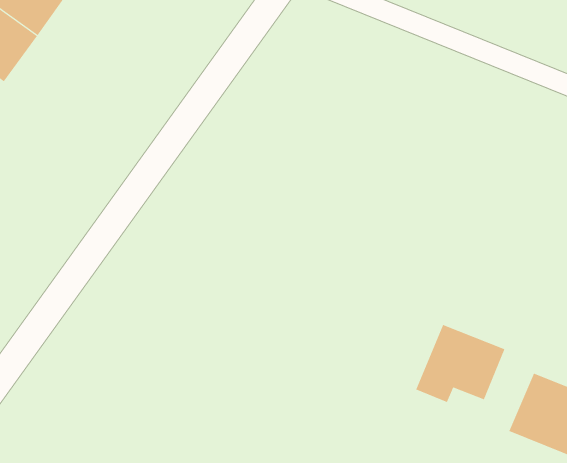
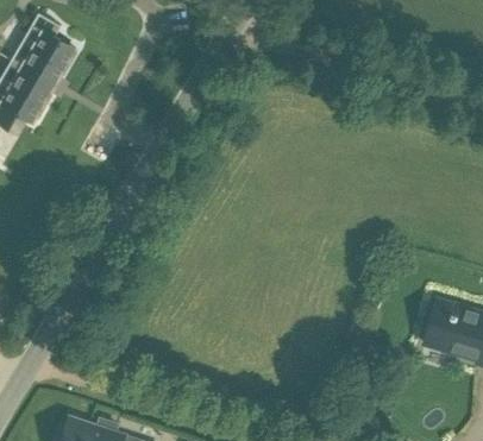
building: [415,324,505,403] -> none

